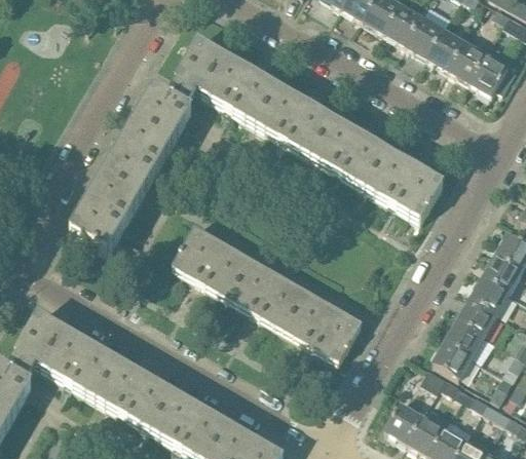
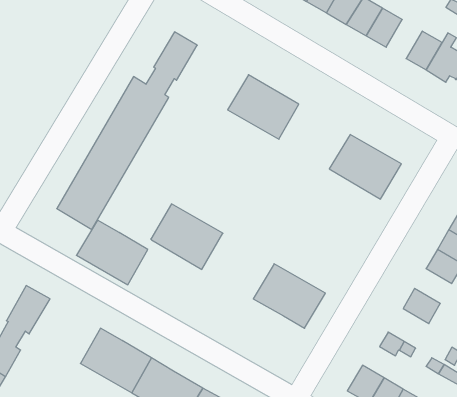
building: [426,27,465,69] -> none
building: [199,54,277,124] -> none
building: [310,118,387,188] -> none
building: [227,258,305,329] -> none
building: [457,296,497,334] -> none
building: [40,329,117,398] -> [76,220,148,285]
building: [431,339,473,377] -> none

